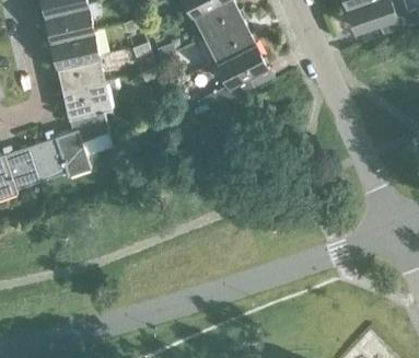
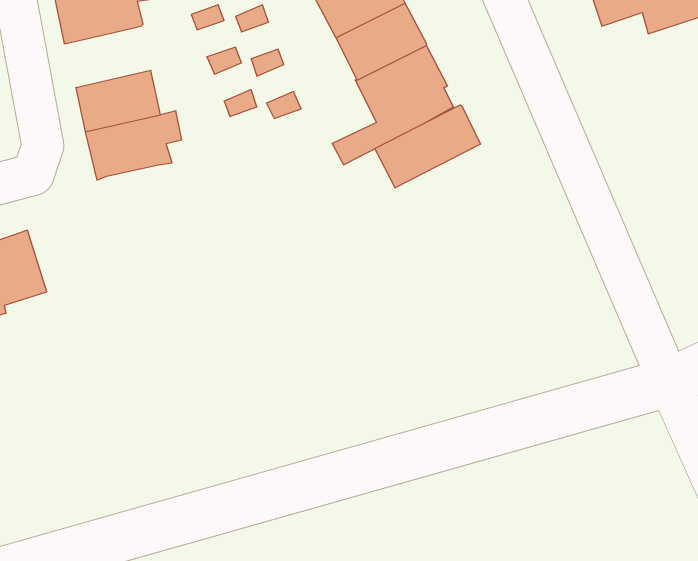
building: [50,32,98,67] -> none
building: none -> [375,105,480,188]
building: [28,111,110,183] -> none

